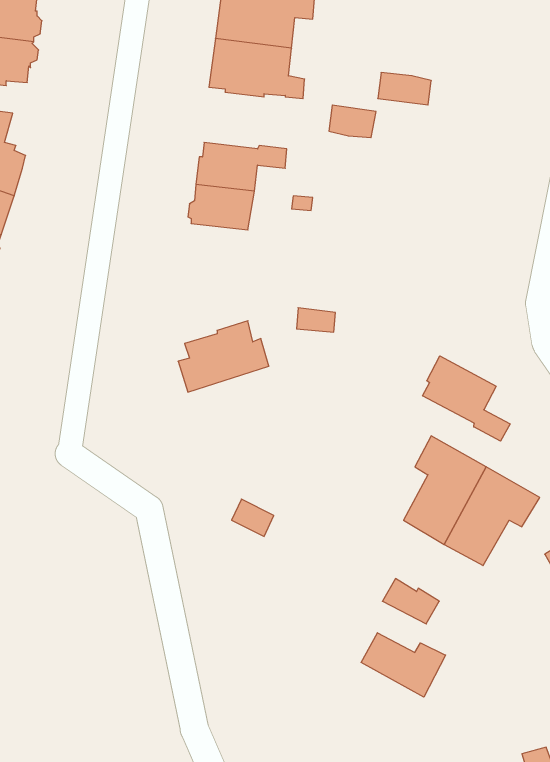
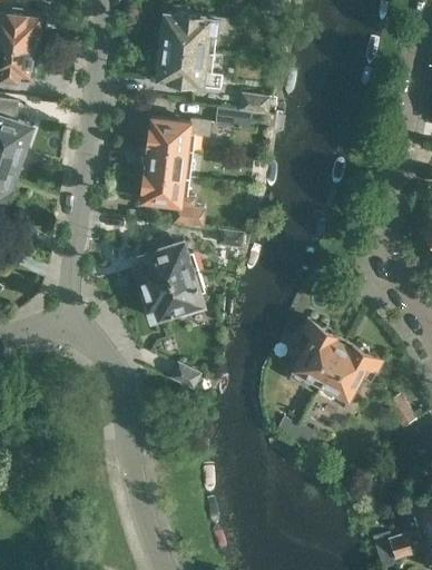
building: [378,73,431,105] -> [215,108,252,130]
building: none -> [141,174,206,230]
building: [423,356,510,441] -> none
building: none -> [141,272,204,317]
building: [361,633,446,697] -> none

